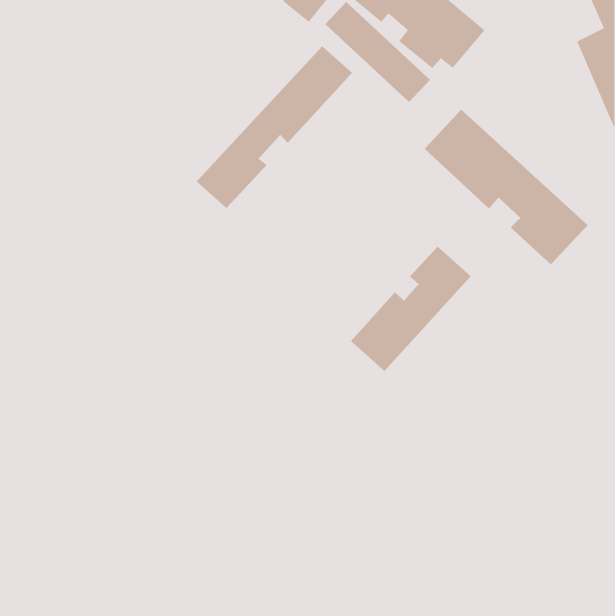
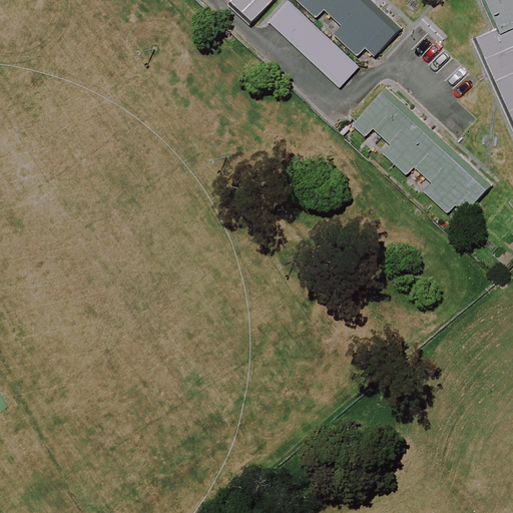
building: [196,45,353,209] -> none
building: [350,246,472,372] -> none

